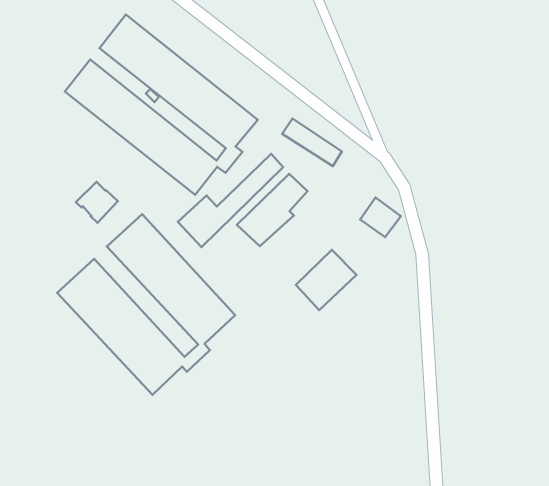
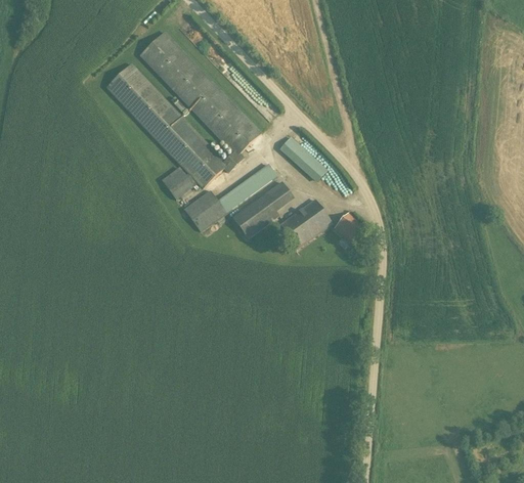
building: [76,182,118,223] -> [161,166,195,200]
building: [57,214,235,395] -> none
building: [296,250,357,310] -> [281,200,333,248]

